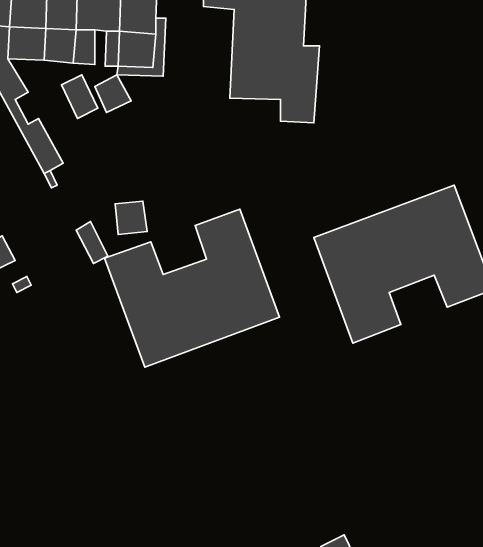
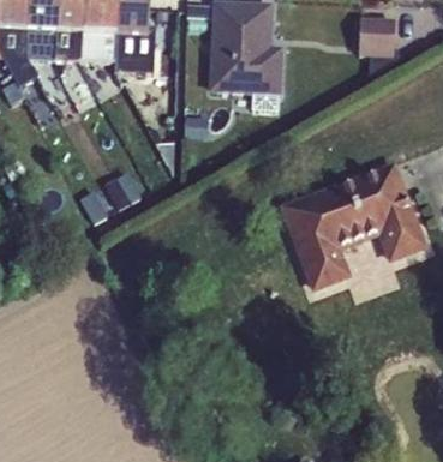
building: none -> [359,16,394,56]
building: [104,209,279,367] -> none

